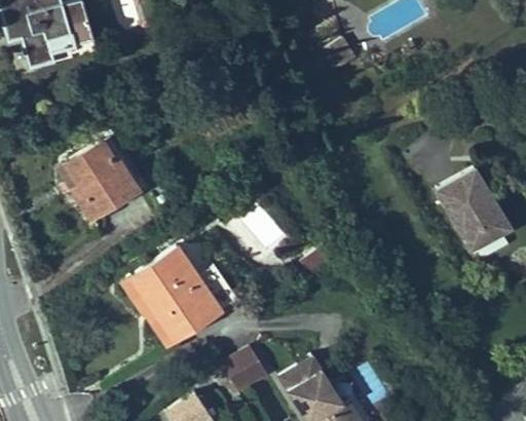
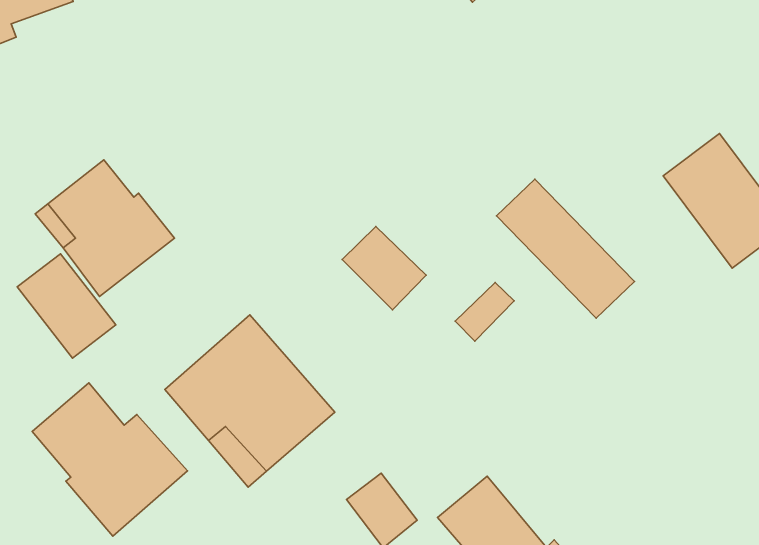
building: none -> [497,179,635,318]
building: none -> [17,254,116,358]
building: none -> [32,383,188,536]

